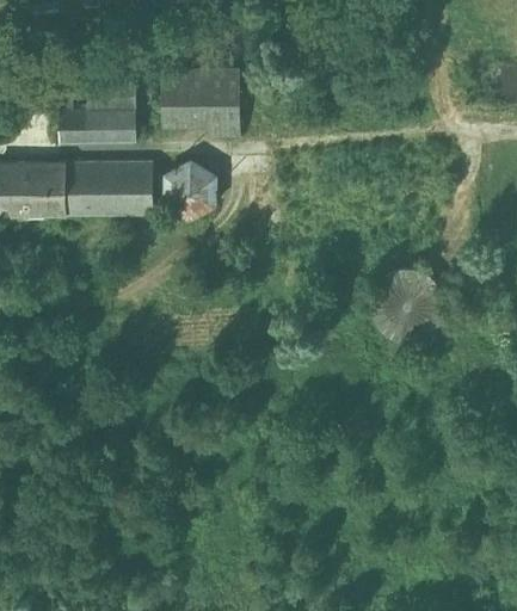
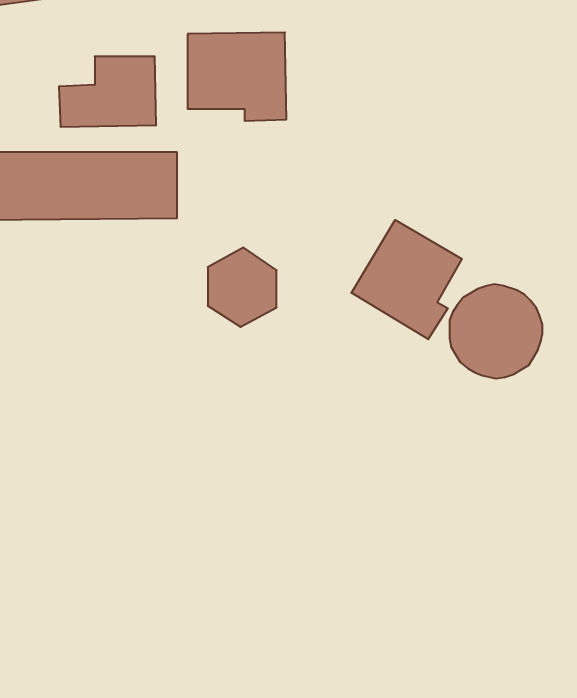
building: [161,158,216,221] -> [208,248,277,327]
building: none -> [351,220,462,339]

